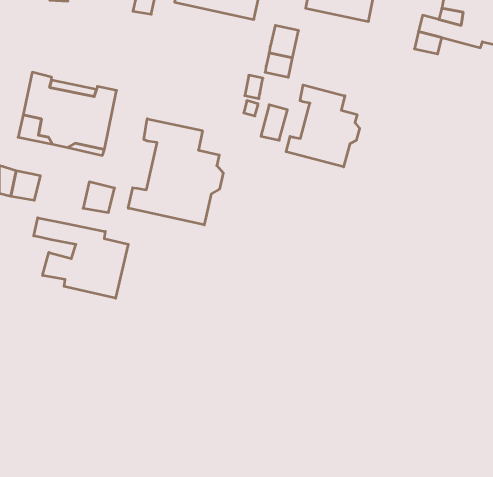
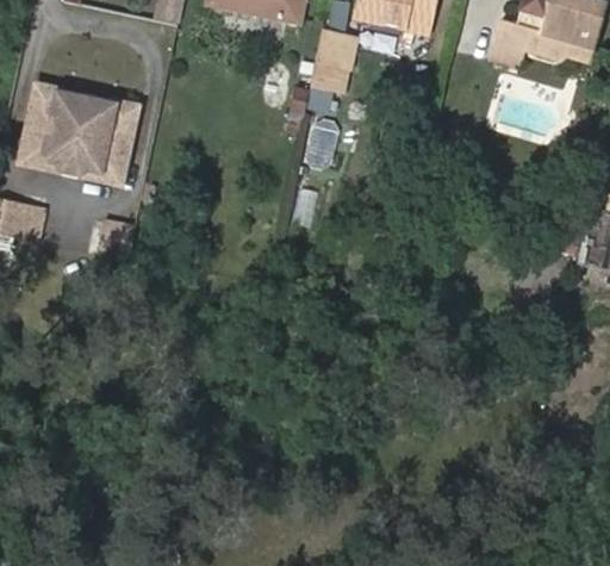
building: [286,85,360,167] -> none
building: [128,119,223,225] -> none
building: [34,218,128,298] -> none

